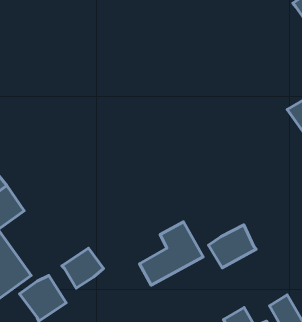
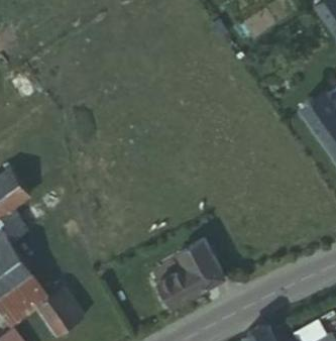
building: [209,225,256,268] -> none
building: [62,248,103,288] -> none

